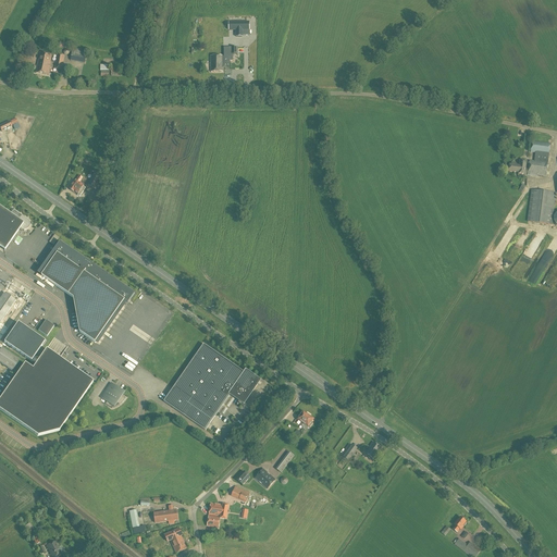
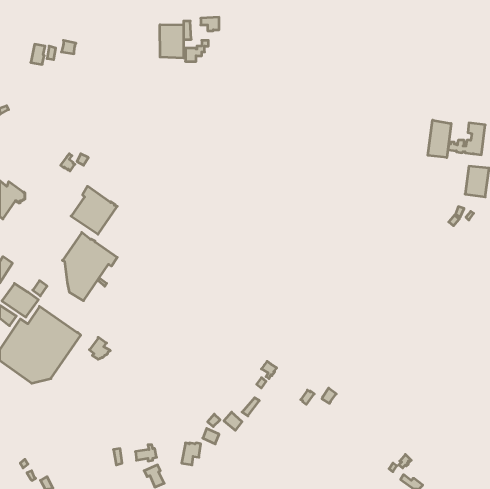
building: none -> [160,24,184,58]
building: none -> [428,120,451,158]
building: [40,240,92,295] -> [71,186,117,234]
building: [163,343,258,429] -> none

